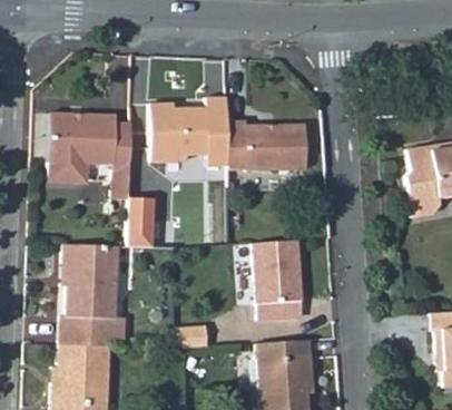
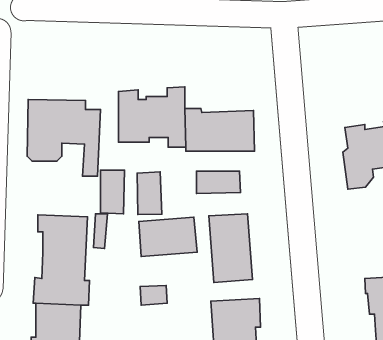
building: none -> [196,171,241,194]
building: none -> [137,172,162,215]
building: none -> [139,217,197,256]

